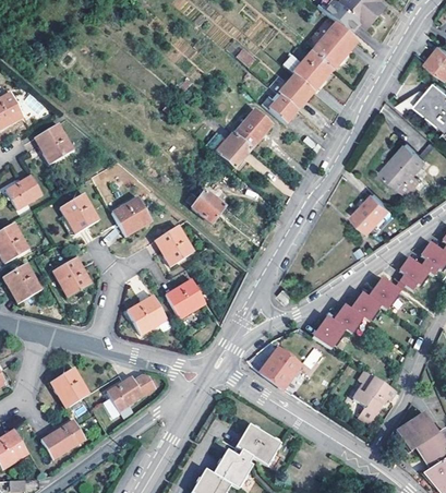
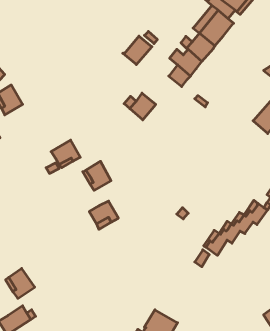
building: [232,110,272,148] -> [123,36,152,65]
building: [186,191,225,224] -> none
building: [357,192,391,229] -> none
building: [59,194,97,233] -> none
building: [49,258,87,298] -> none
building: [124,294,167,333] -> none
building: [262,348,301,388] -> none
building: [353,366,395,422] -> none
building: [105,376,152,419] -> none

